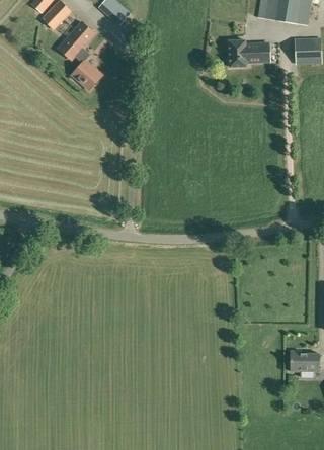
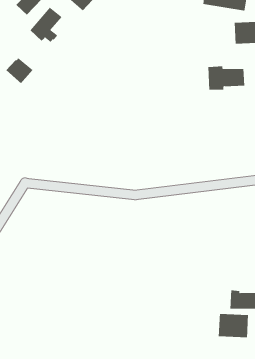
building: [227,38,270,67] -> [208,66,245,90]
building: [70,59,102,90] -> [6,57,33,84]
building: none -> [218,313,249,338]

